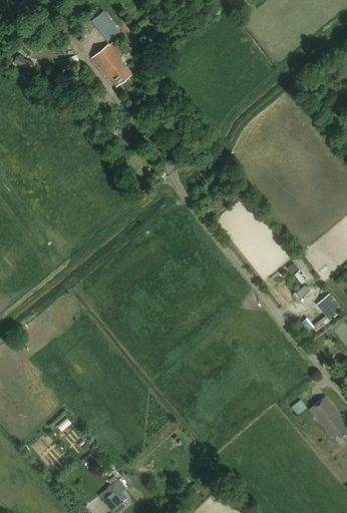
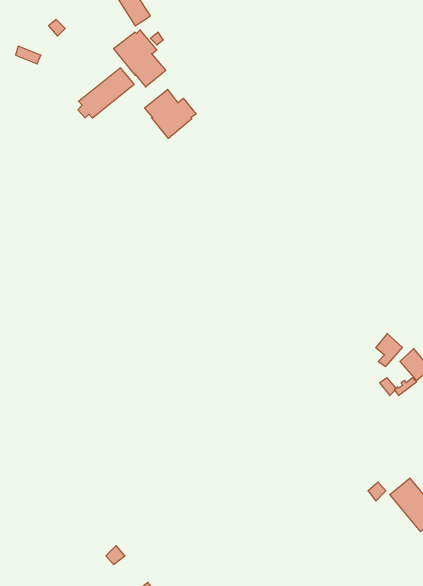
building: none -> [78,68,134,118]
building: none -> [145,89,196,138]

